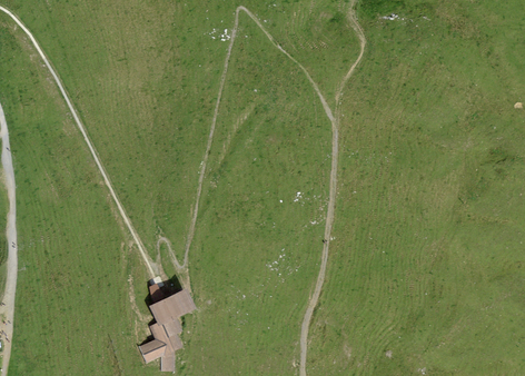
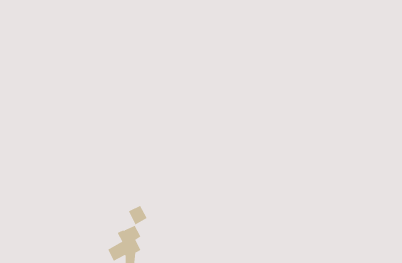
building: [150,286,175,323] -> none

